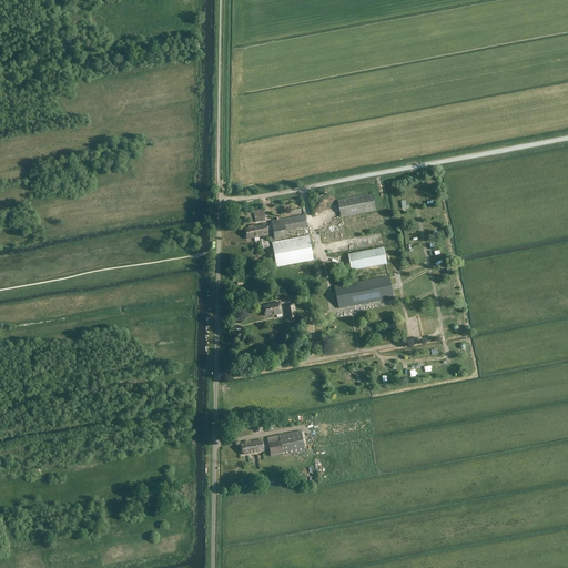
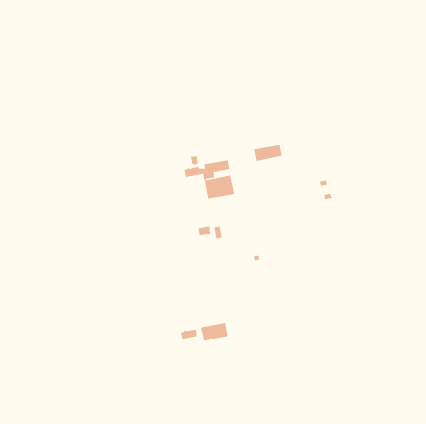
building: [348,246,386,268] -> none
building: [334,274,394,307] -> none

